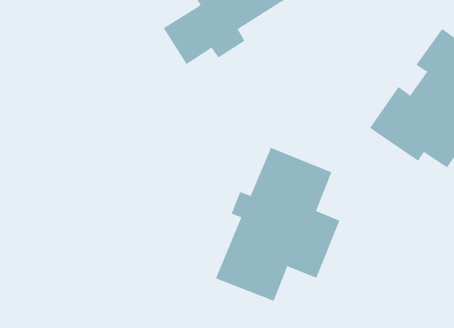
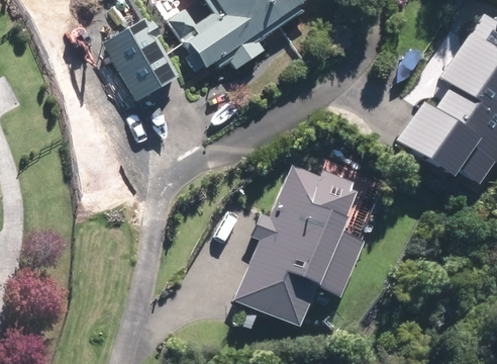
building: none -> [107,16,180,101]

